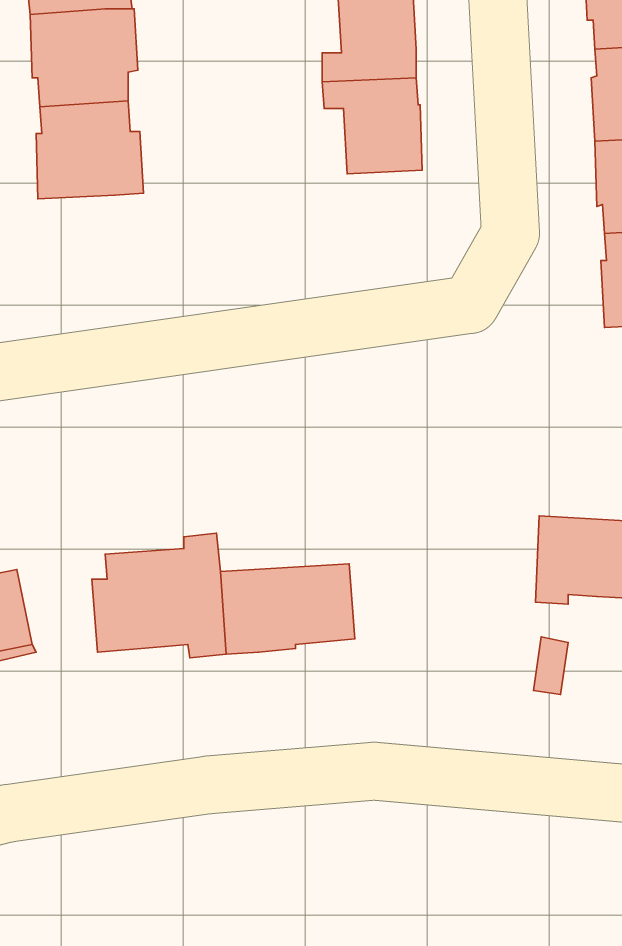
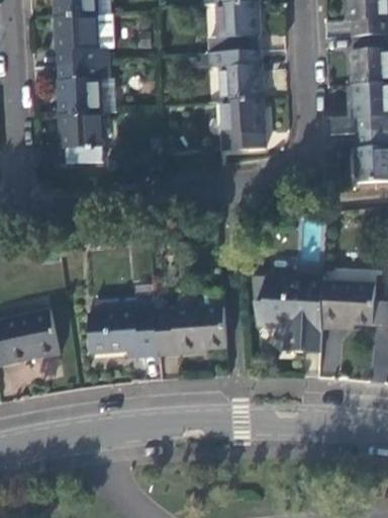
building: none -> [221,100,264,152]
building: none -> [59,113,101,164]
building: none -> [253,275,323,353]

